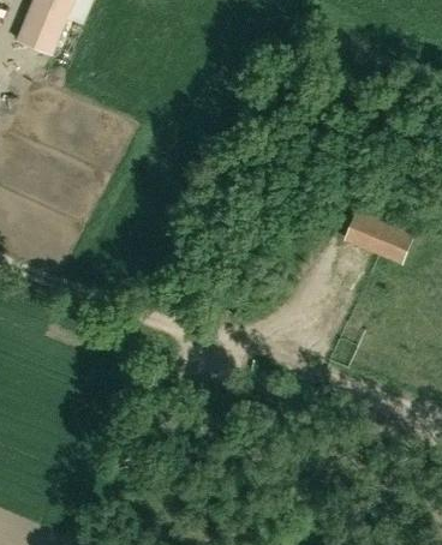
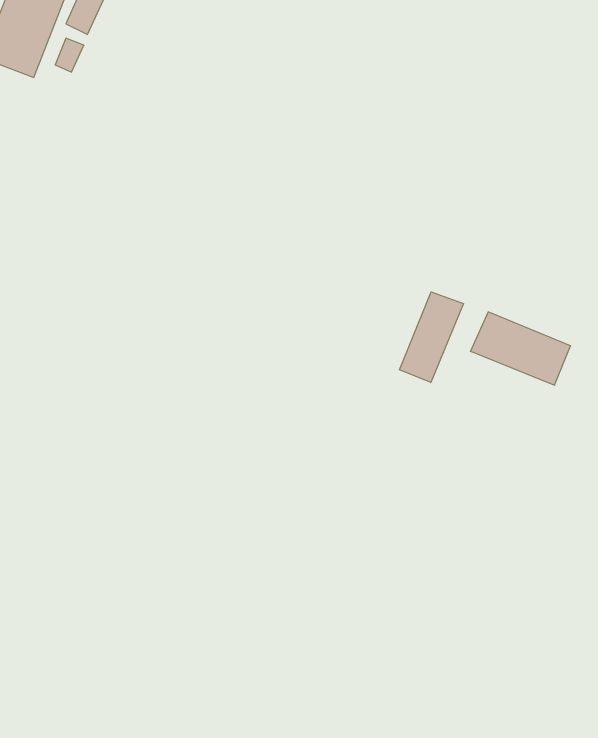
building: none -> [400,292,463,383]

